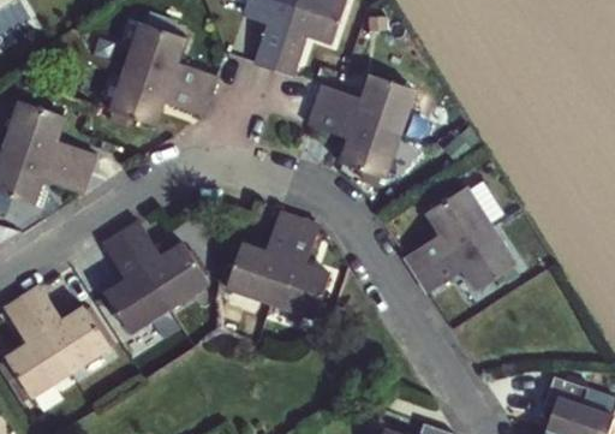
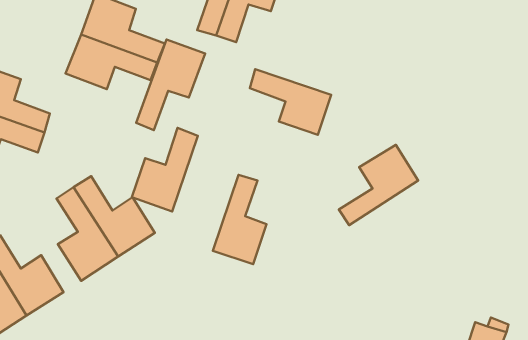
building: [315,73,411,133] -> none
building: none -> [136,39,205,130]
building: [226,212,297,302] -> [132,128,198,212]
building: [416,226,514,293] -> none

